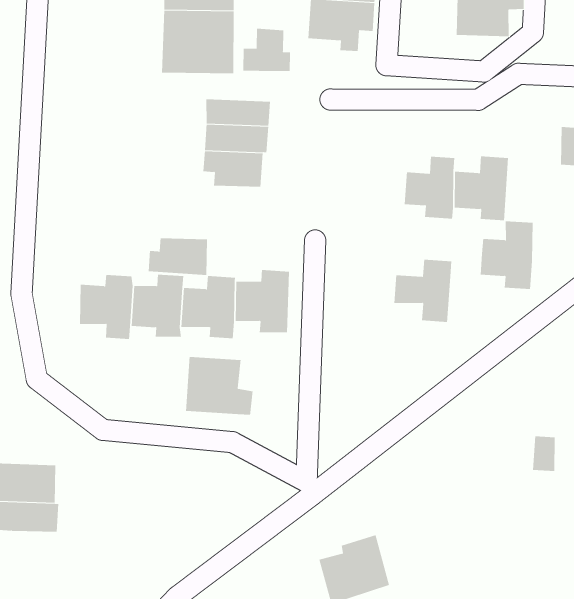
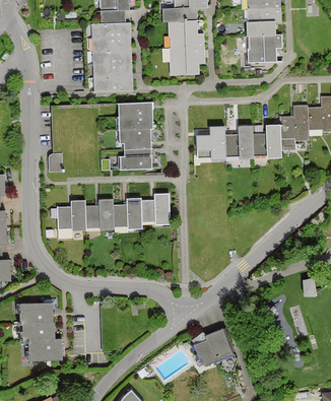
building: [243,28,291,72] -> none
building: [480,221,533,290] -> [280,107,308,142]
building: [148,238,208,276] -> [120,149,151,169]
building: [394,259,452,322] -> [197,128,226,160]
building: [185,356,253,415] -> none
building: none -> [30,339,62,360]

